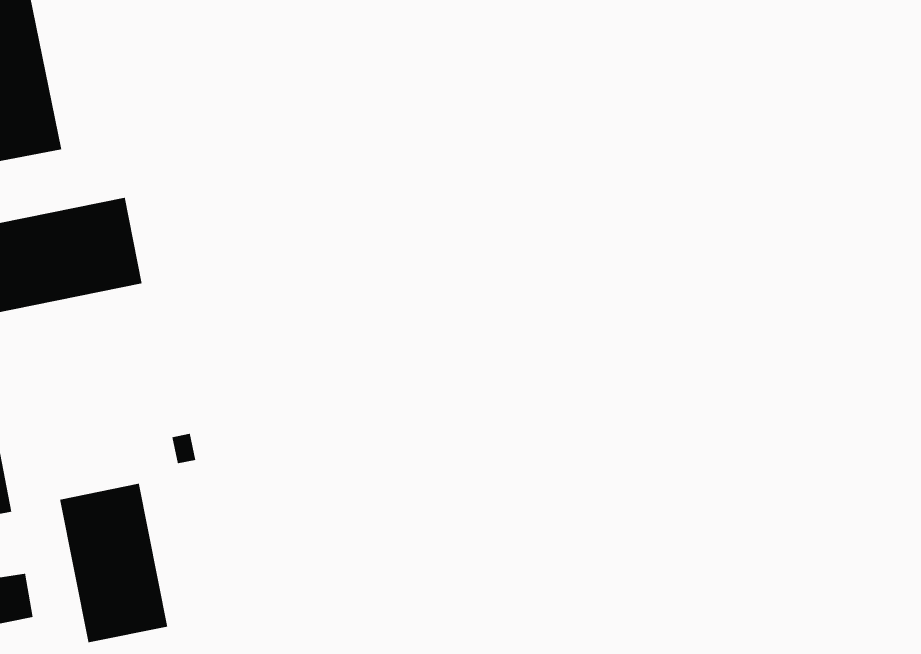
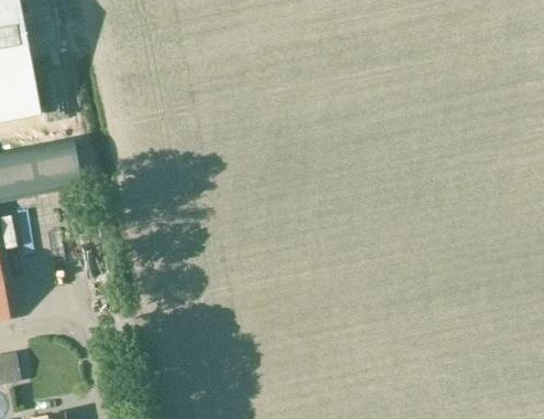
building: [59,483,168,643] -> none

